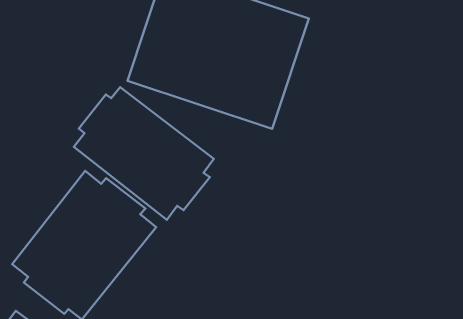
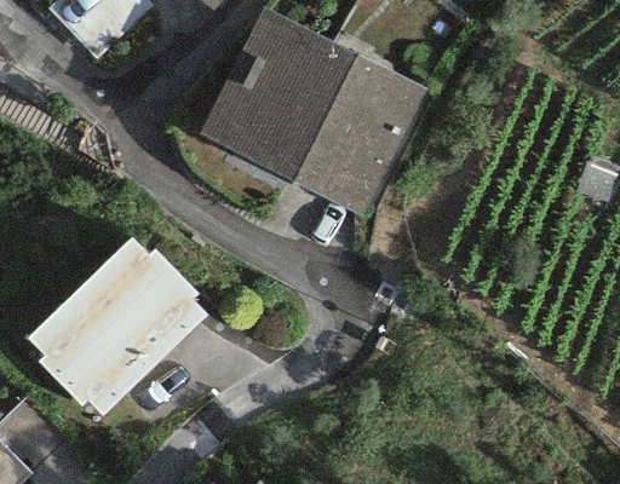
building: [74,87,214,220] -> none

